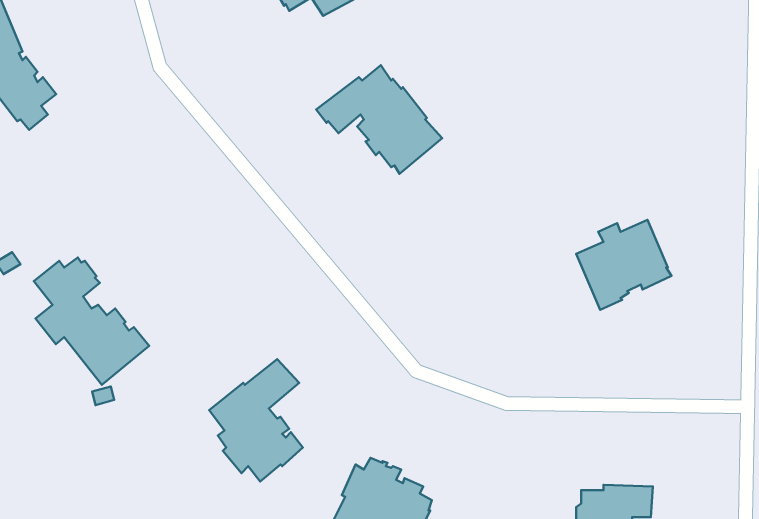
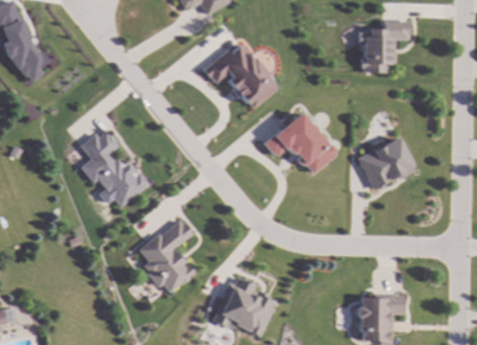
building: none -> [359,20,410,72]
building: none -> [263,111,335,174]
building: [34,257,149,385] -> [80,131,149,206]

